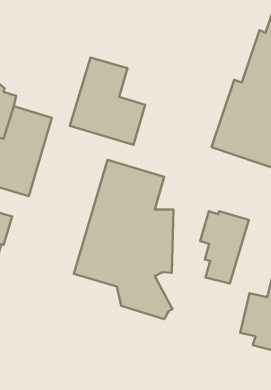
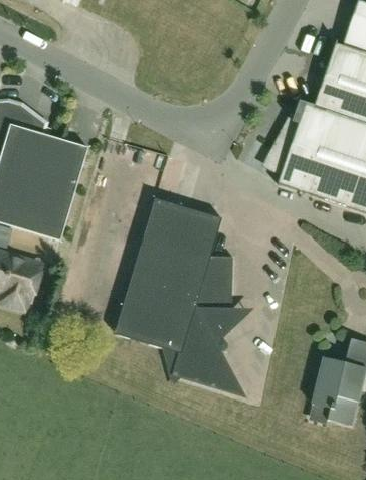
building: [70,58,145,145] -> none
building: [200,211,249,283] -> none

